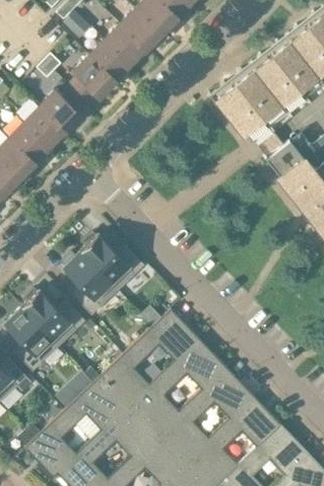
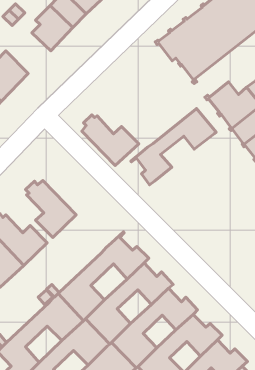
building: [40,86,90,132] -> none
building: none -> [131,108,216,185]
building: [81,233,145,290] -> [82,115,139,165]

